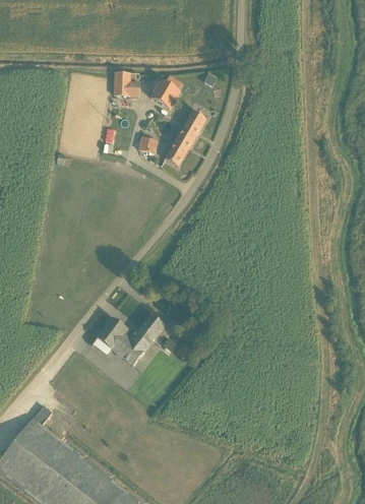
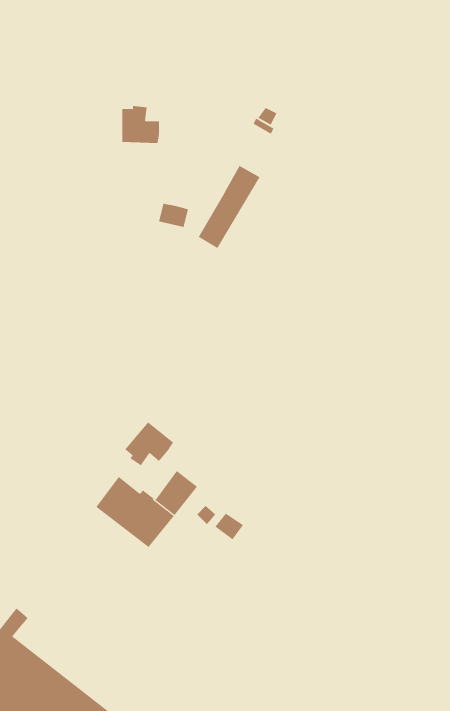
building: [150,81,181,109] -> none
building: none -> [124,422,174,466]

